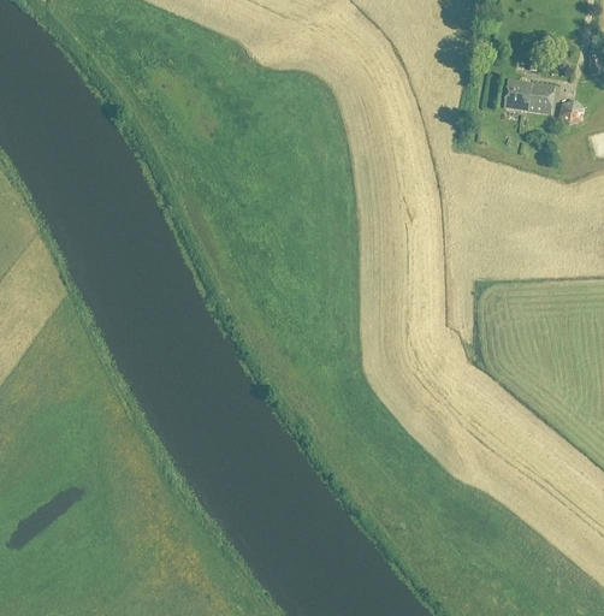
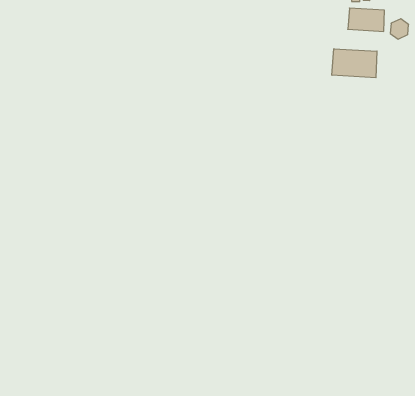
building: none -> [332,49,377,78]

